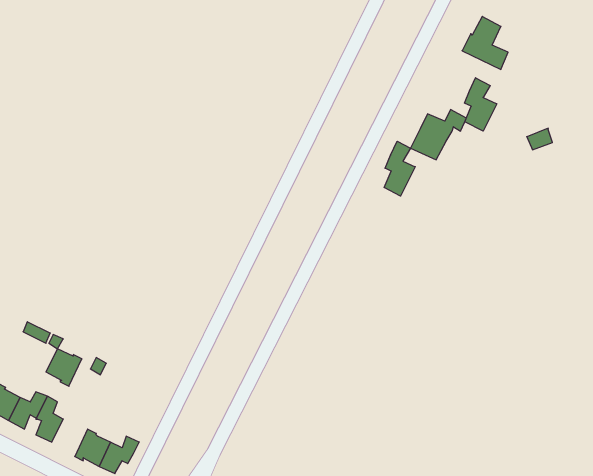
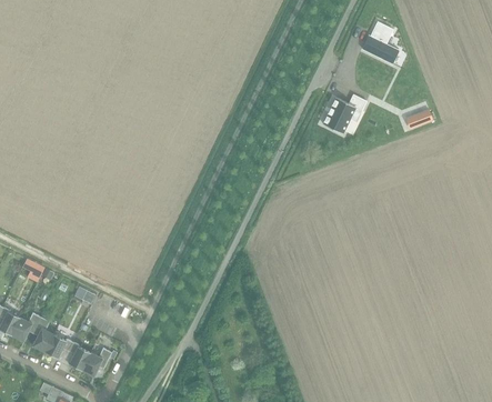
building: [465,78,497,131] -> none
building: [384,141,415,196] -> none
building: [46,349,82,386] -> [43,334,71,363]

